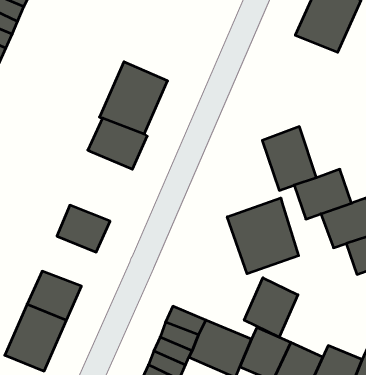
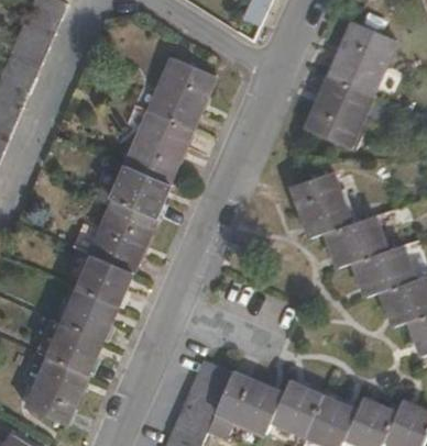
building: none -> [151,57,217,125]
building: none -> [305,78,372,149]
building: none -> [91,198,160,270]
building: [227,198,299,274] -> none
building: none -> [66,286,122,337]
building: [244,278,298,337] -> none

